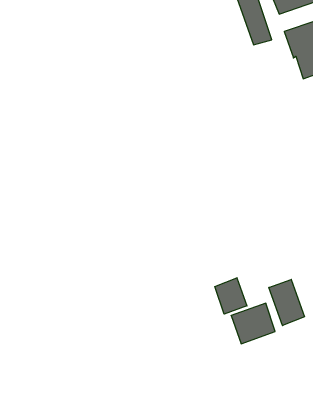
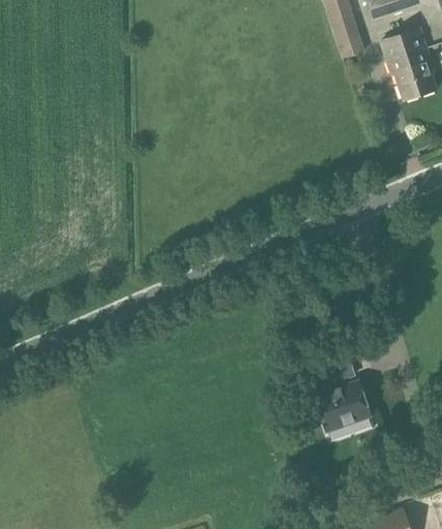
building: [215,278,247,314] -> none
building: [269,279,304,326] -> none

